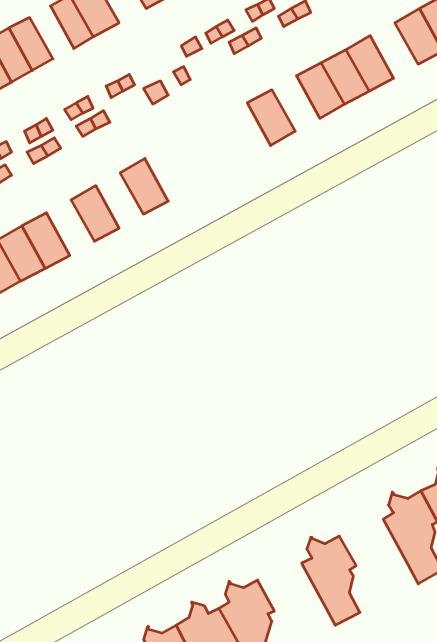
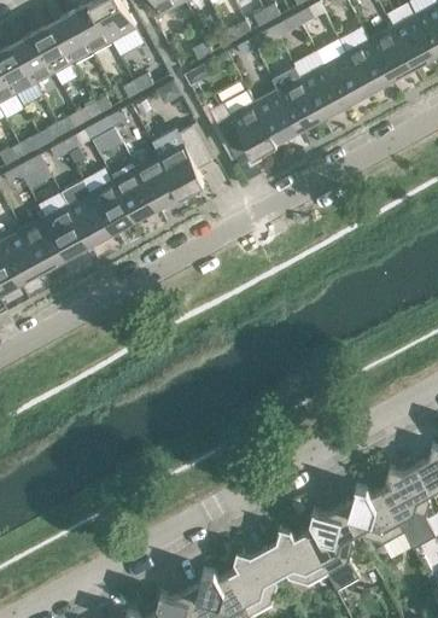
building: none -> [52,12,93,62]
building: none -> [369,28,414,80]
building: none -> [271,66,322,129]
building: none -> [217,92,276,158]
building: none -> [159,135,211,194]
building: none -> [113,168,158,220]
building: none -> [60,180,112,245]
building: none -> [340,485,404,544]
building: none -> [264,526,328,587]

